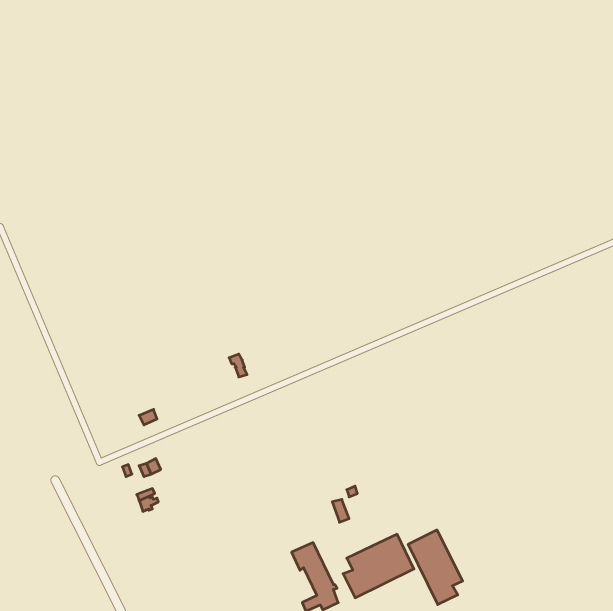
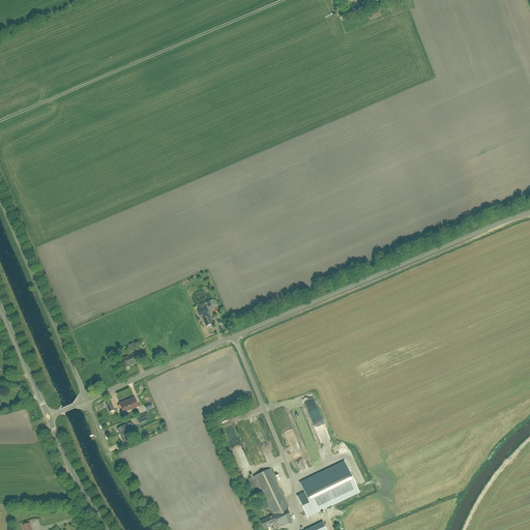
building: [408,530,463,605] -> none

